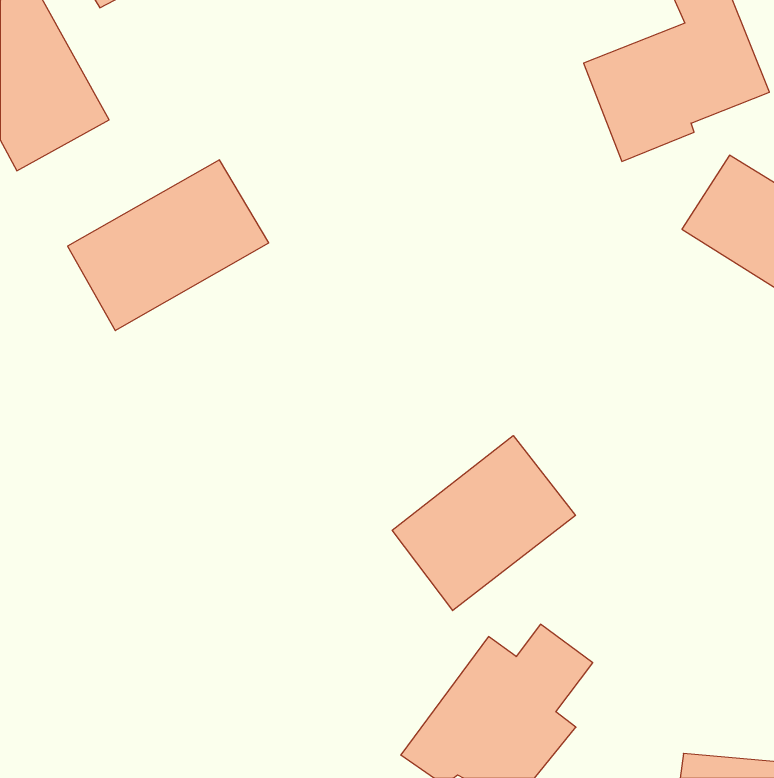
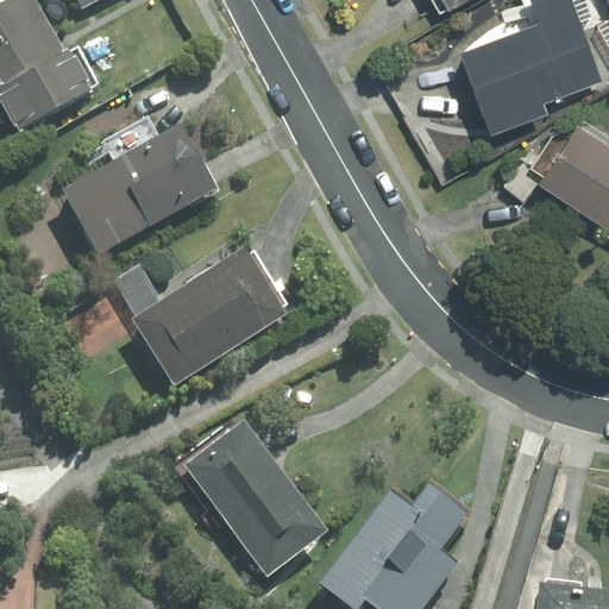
building: none -> [131,249,283,385]
building: [392,436,575,611] -> none
building: none -> [182,421,327,577]

